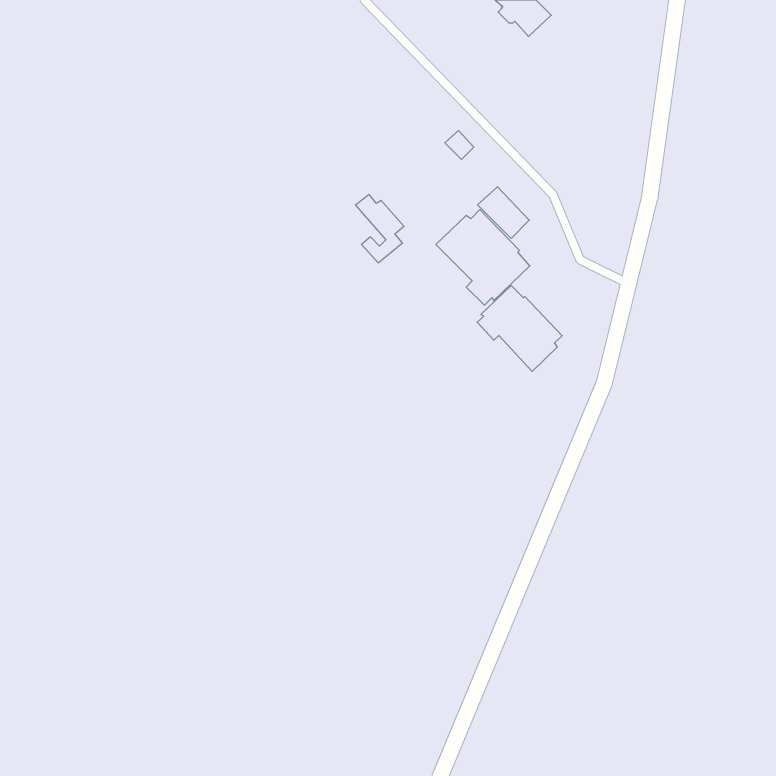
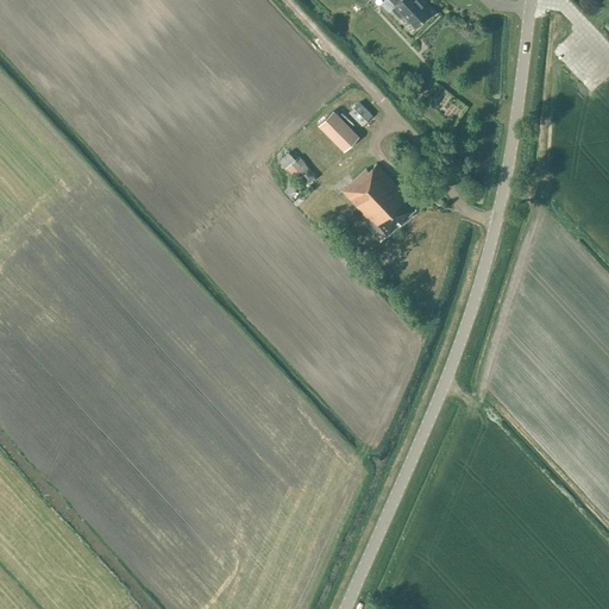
building: [478,187,529,238] -> [318,111,358,151]
building: [477,286,562,371] -> none

